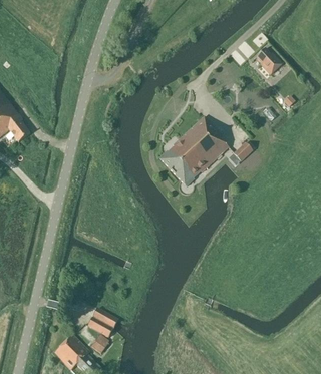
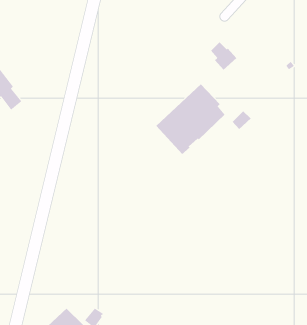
building: [256,48,282,76] -> [210,41,237,70]
building: [89,309,118,338] -> none

